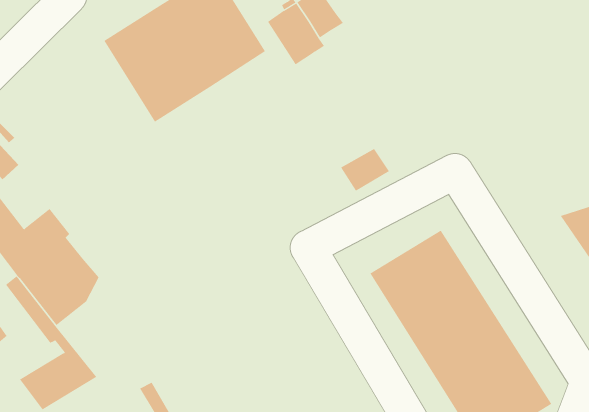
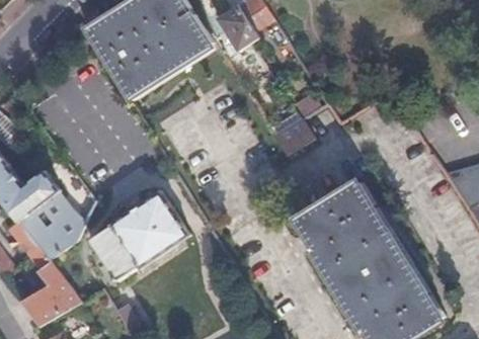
building: none -> [89,188,190,281]

